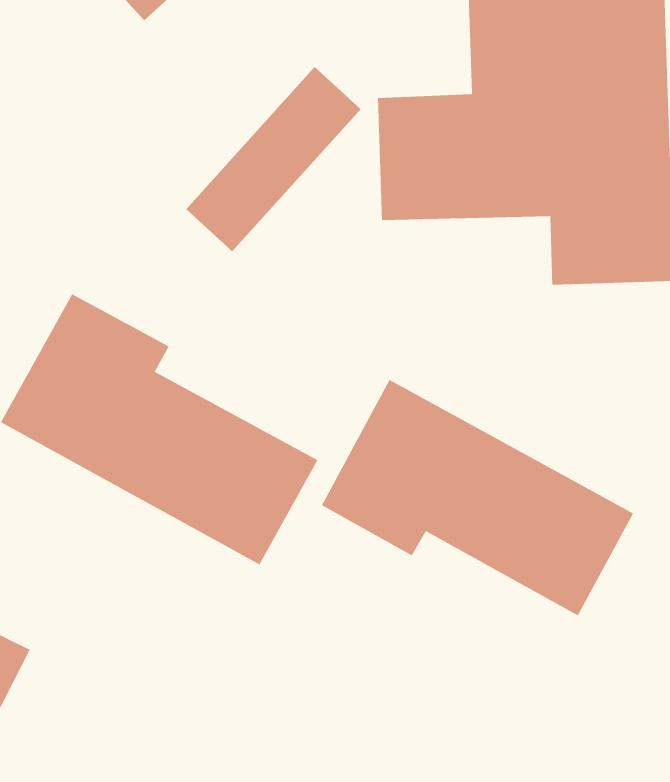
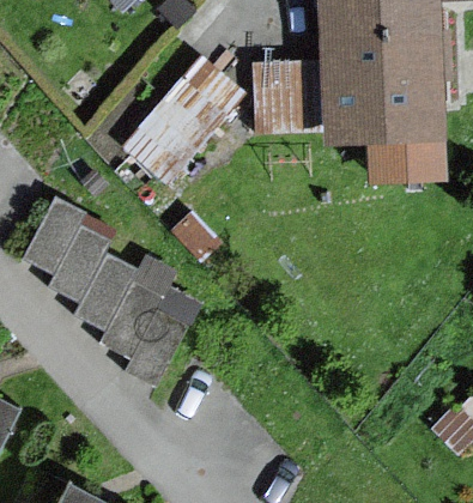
building: [321,379,634,617] -> none

